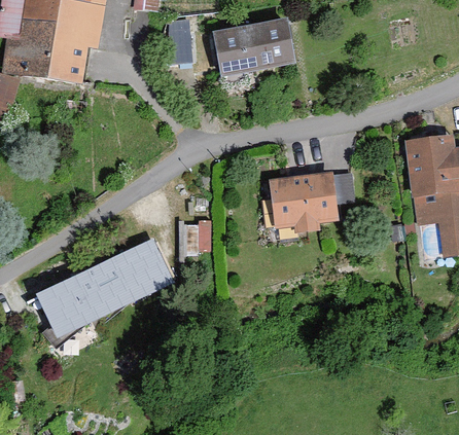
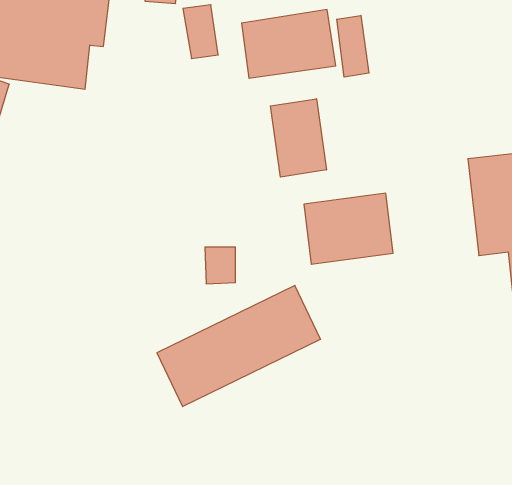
building: none -> [337,15,369,77]
building: none -> [270,99,326,177]
building: [36,234,174,336] -> [157,285,321,407]

